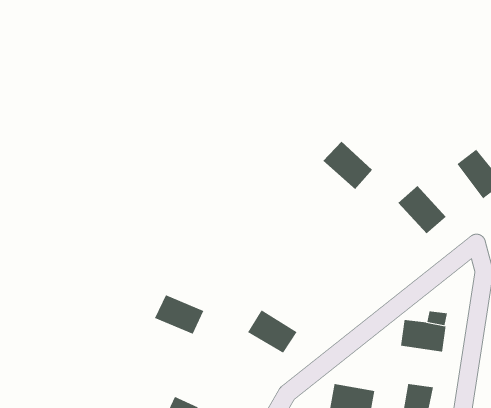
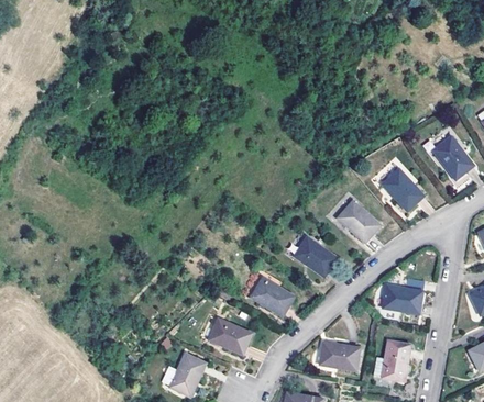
building: [323,141,373,190] -> [336,200,380,243]
building: none -> [293,236,337,277]
building: [154,294,204,335] -> [207,319,251,354]

